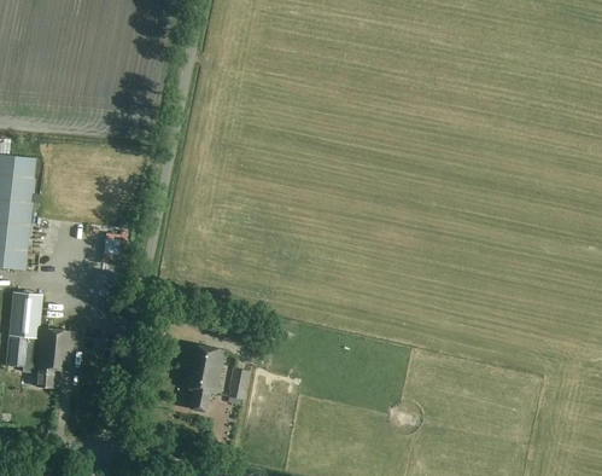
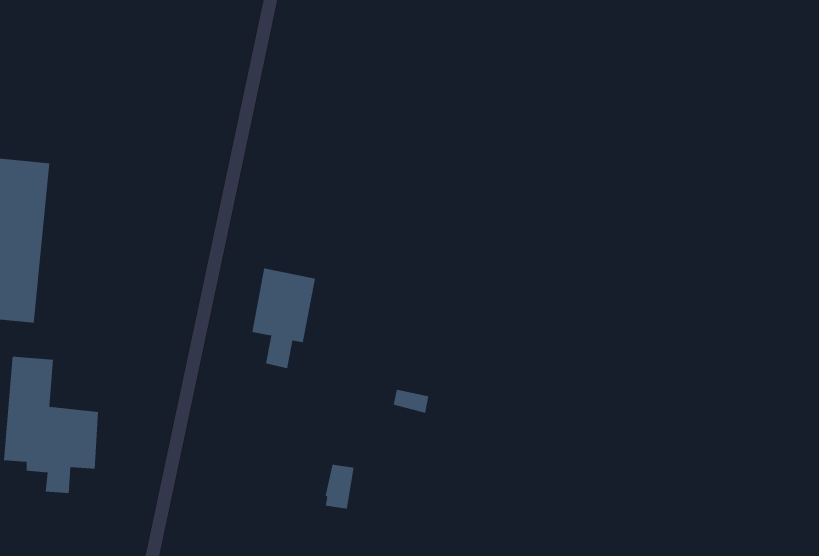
building: [179,343,223,413] -> [251,268,316,369]

